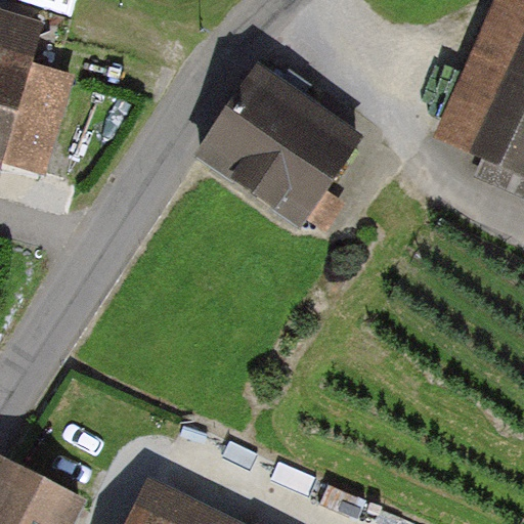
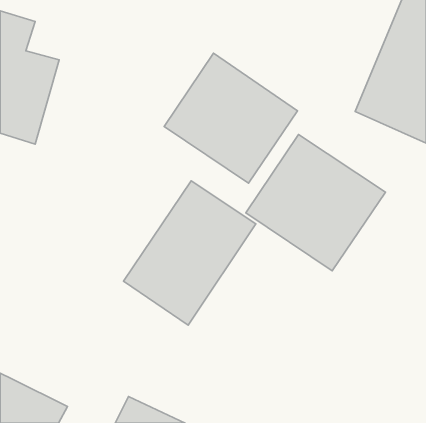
building: none -> [246,134,386,271]
building: none -> [123,181,256,325]

